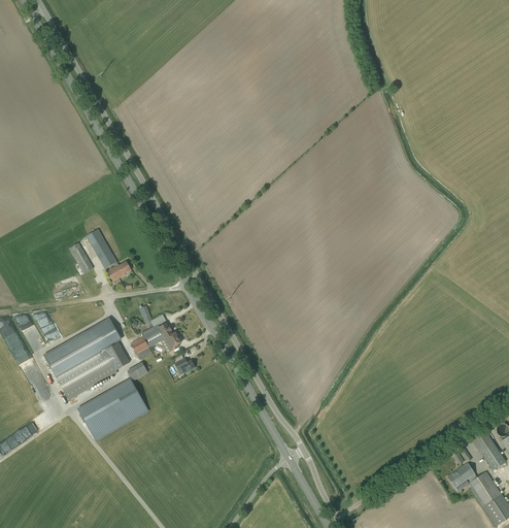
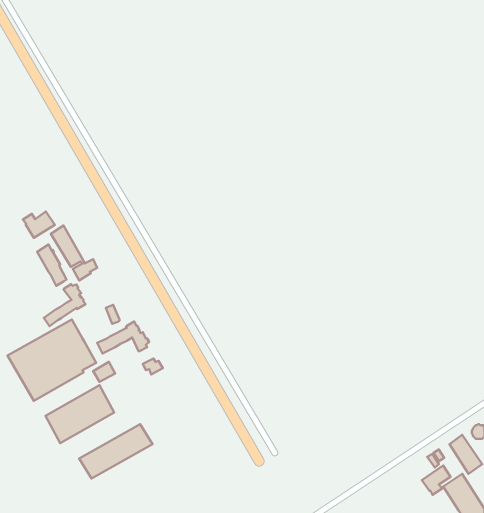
building: none -> [23,212,55,238]
building: none -> [44,284,85,326]
building: none -> [79,424,152,479]

